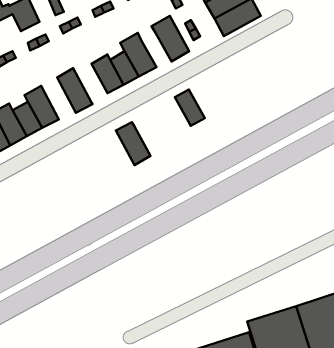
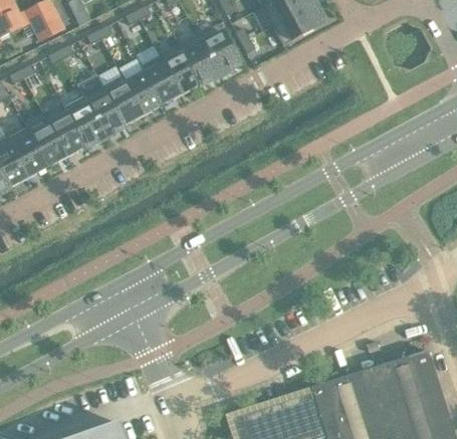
building: none -> [64,95,105,149]
building: [175,90,205,126] -> [184,42,220,85]
building: [116,122,150,165] -> [102,74,144,126]

